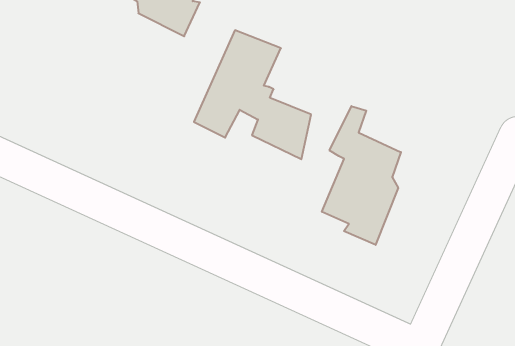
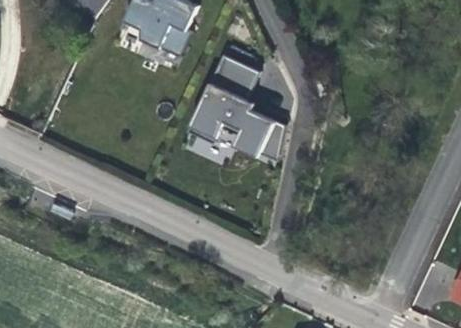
building: [322,106,401,245] -> none

